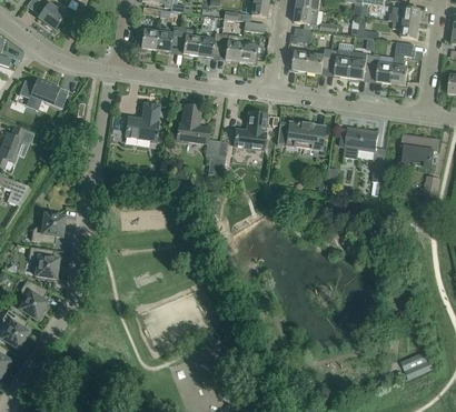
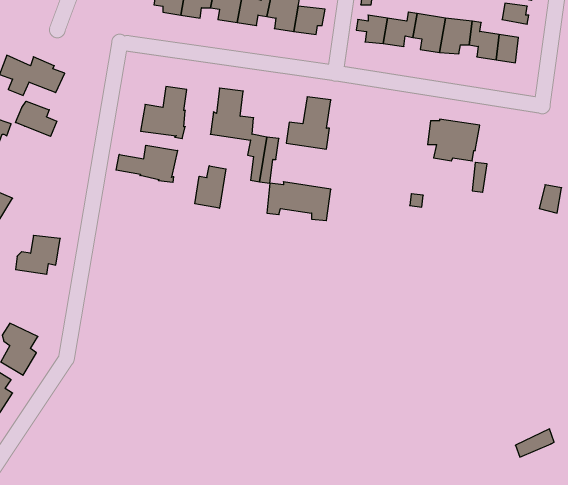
building: none -> [16,101,57,136]
building: [277,121,325,150] -> [267,182,331,221]
building: [402,135,438,161] -> none
building: none -> [116,145,178,182]
building: none -> [195,166,226,208]
building: [29,247,58,279] -> none

